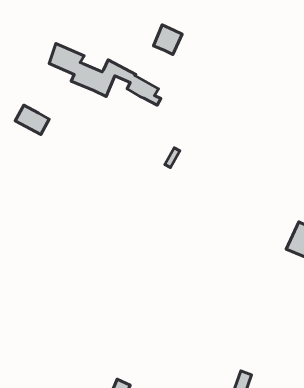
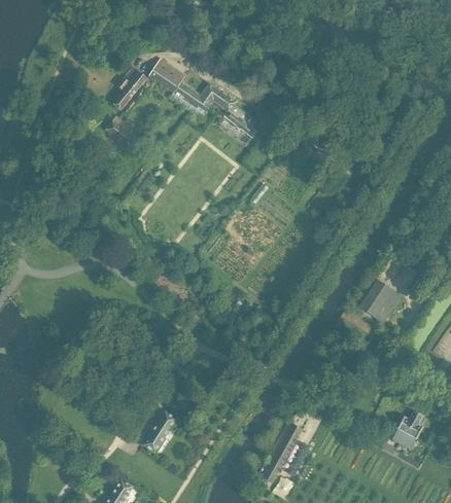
building: [153,25,182,54] -> none
building: none -> [113,66,146,110]

